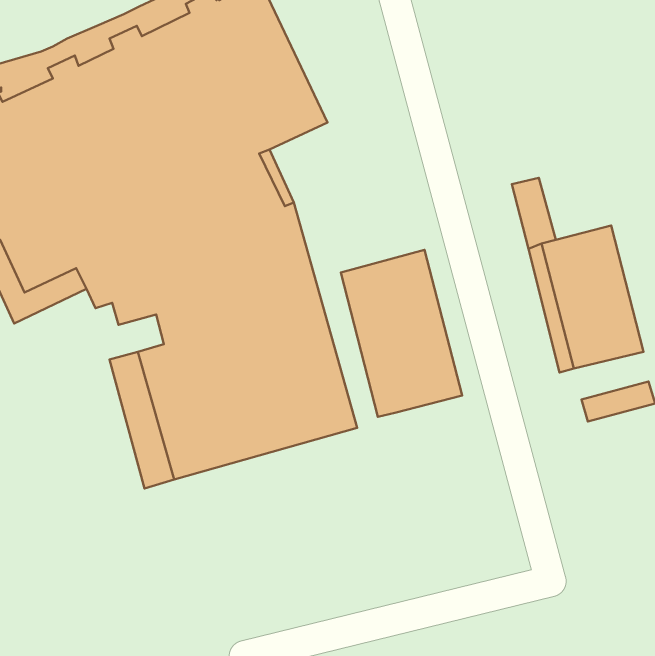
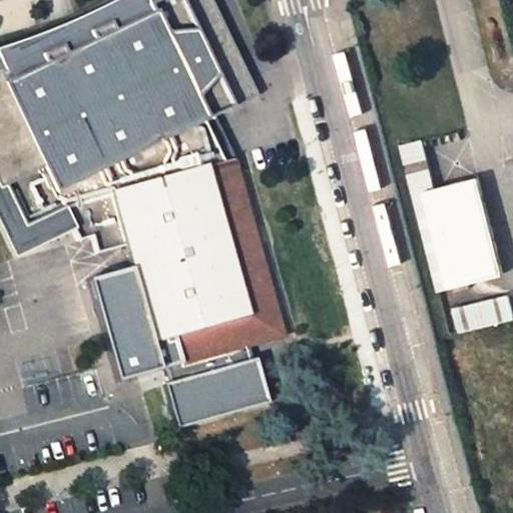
building: [341,250,462,417] -> none
building: none -> [165,358,271,425]

